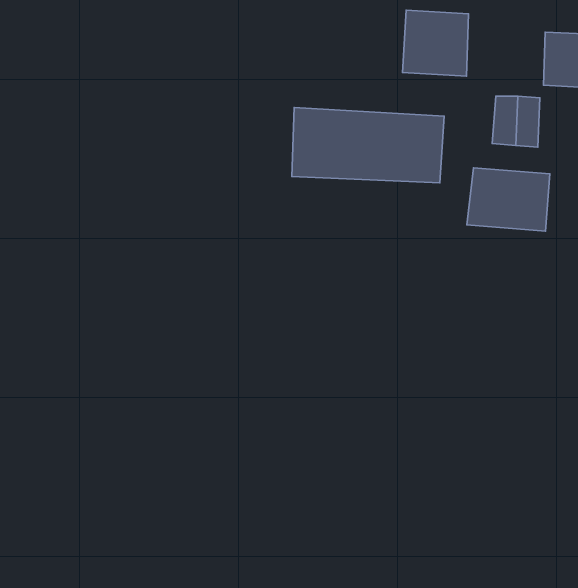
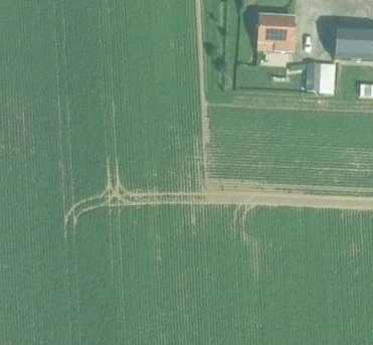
building: [292,108,444,183] -> none
building: [467,168,550,231] -> none

